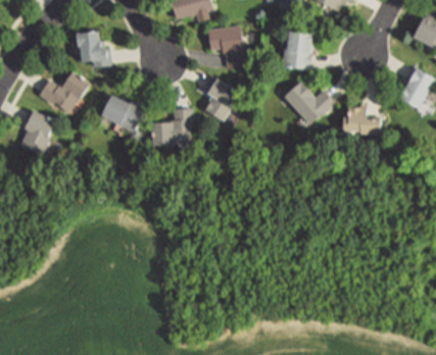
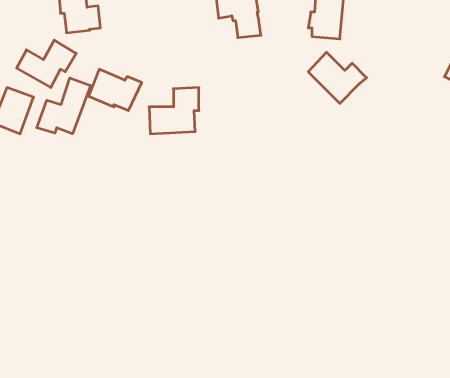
building: [202,75,237,120] -> none
building: [342,98,378,131] -> none
building: none -> [37,78,90,134]

